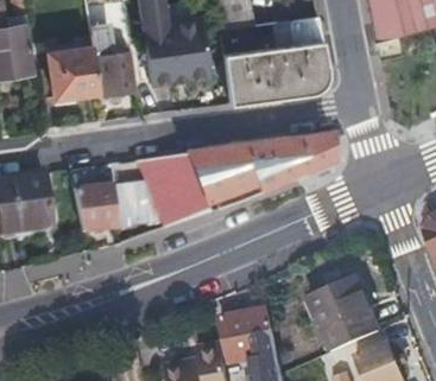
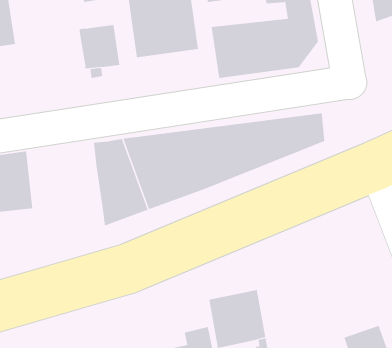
building: [49,32,101,95] -> none
building: [72,185,118,233] -> none
building: [307,273,379,351] -> none

